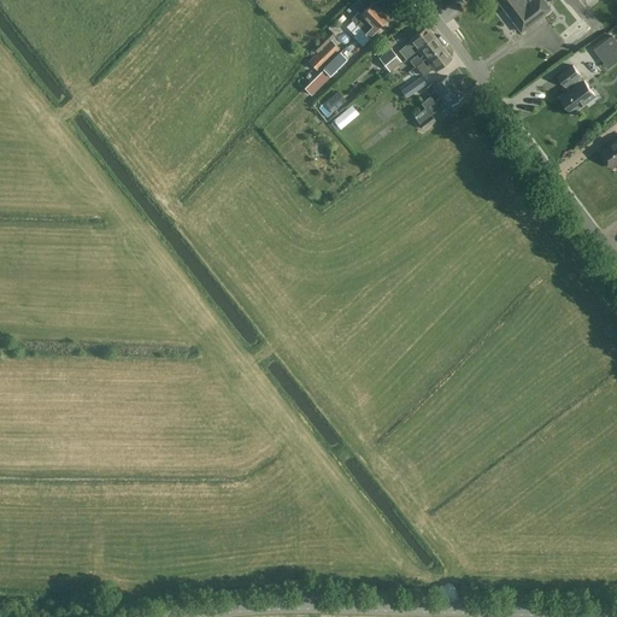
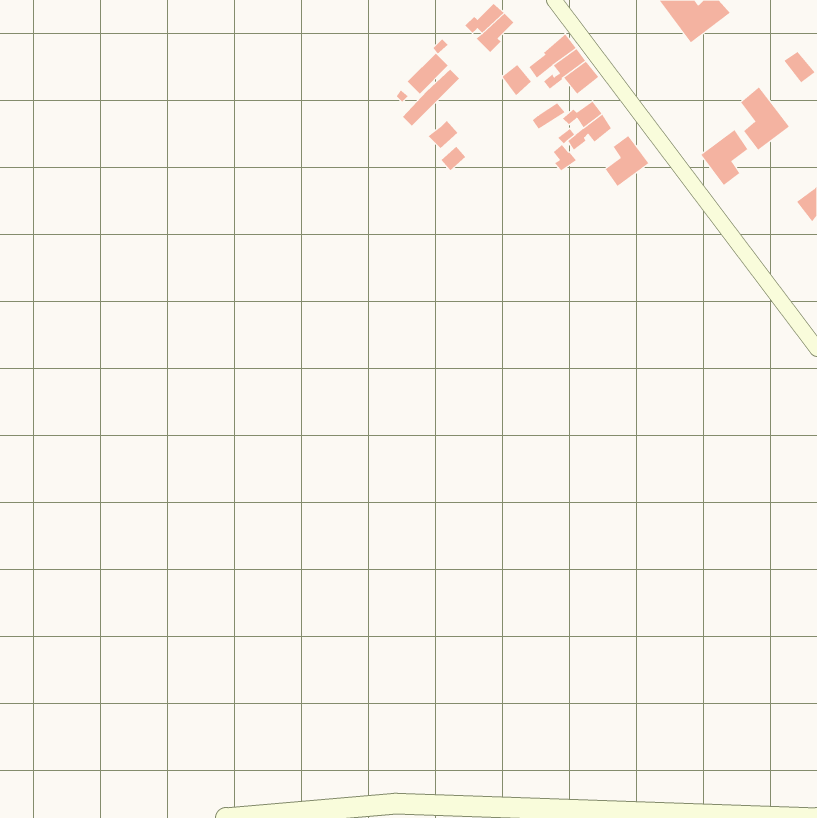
building: none -> [700,129,748,186]
building: none -> [605,135,649,187]

